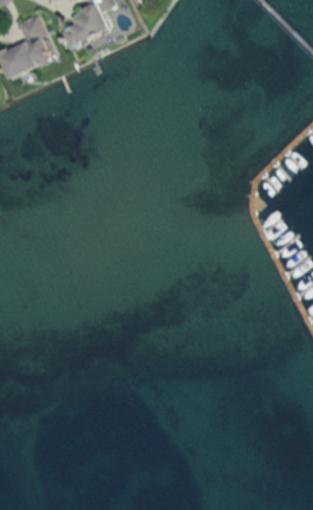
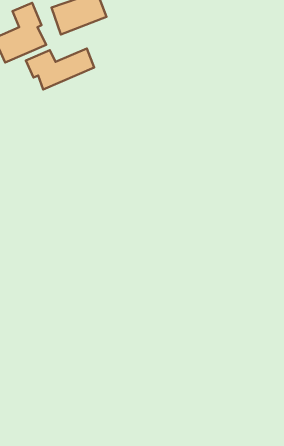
building: none -> [26,49,94,89]

